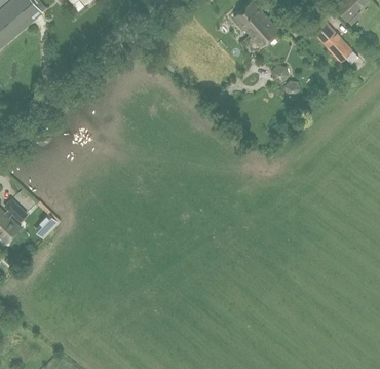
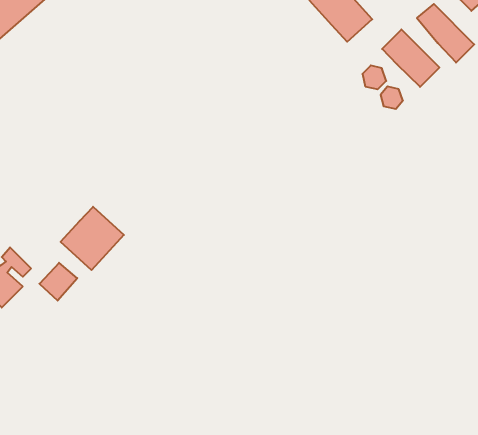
building: none -> [382,29,439,87]
building: none -> [61,207,124,270]

